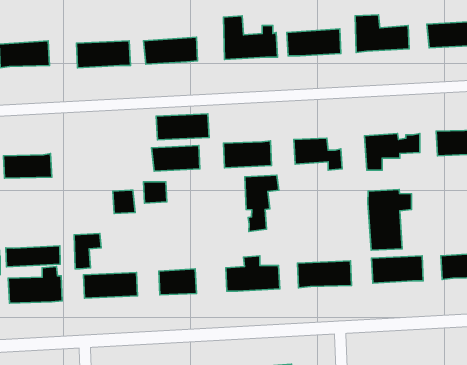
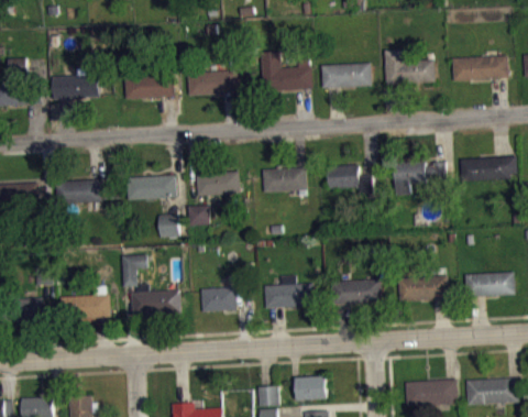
building: [156,114,209,140] -> [127,175,176,199]
building: [245,175,279,231] -> none
building: [368,190,412,250] -> none
building: [6,246,60,267] -> none

